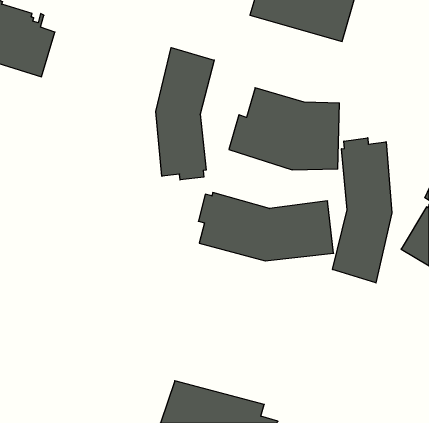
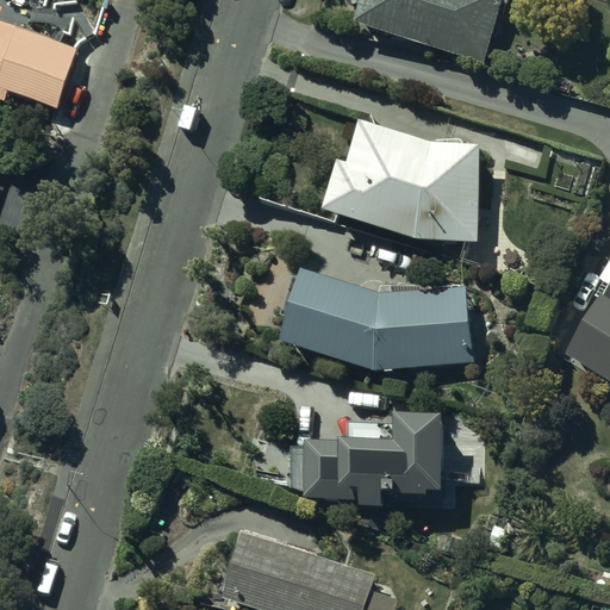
building: [156,48,214,180] -> none
building: [333,138,392,283] -> none
building: none -> [290,415,478,506]

